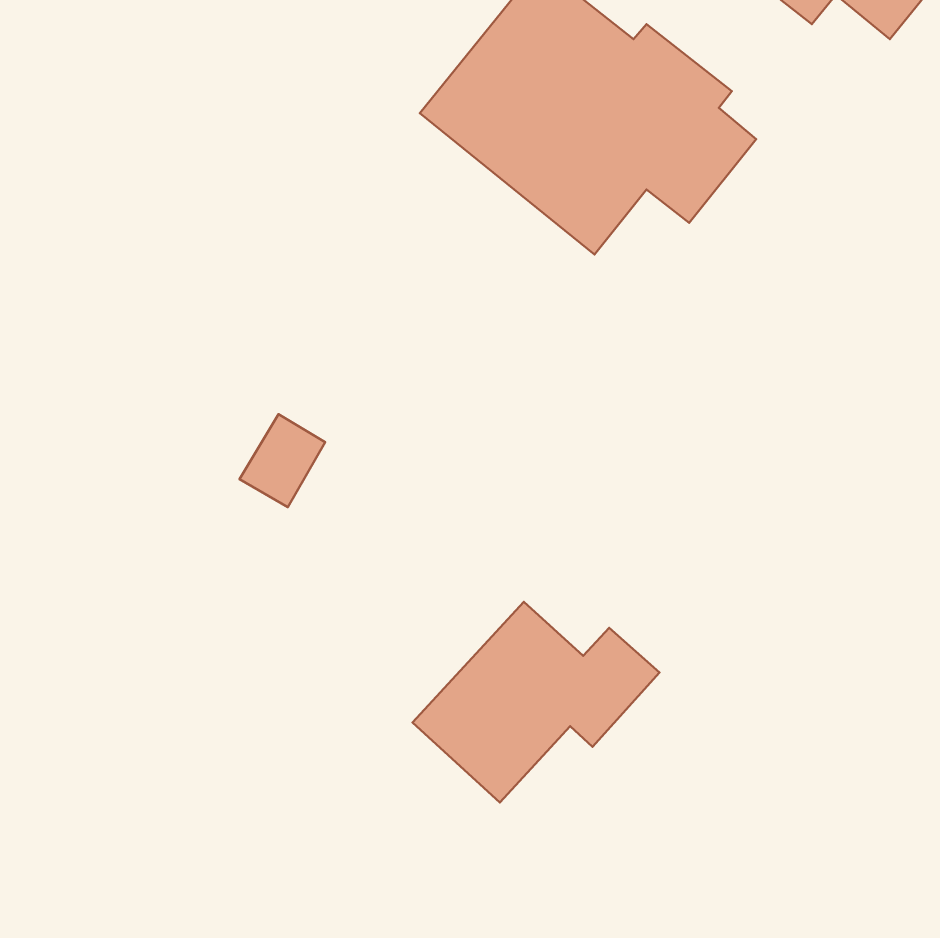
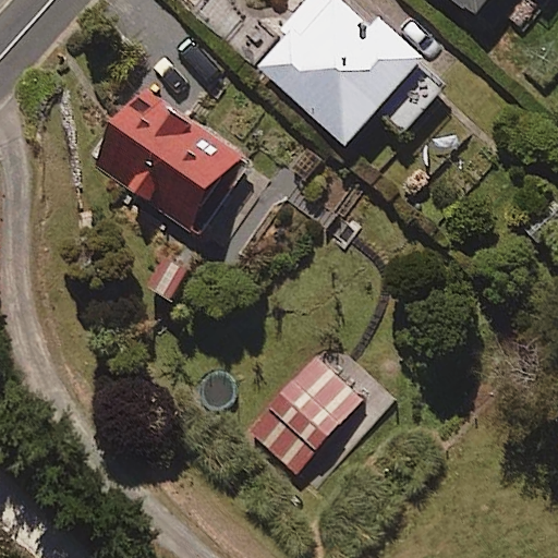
building: none -> [92,87,241,229]

